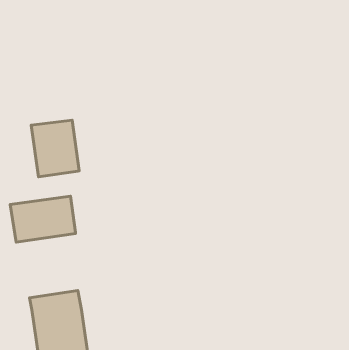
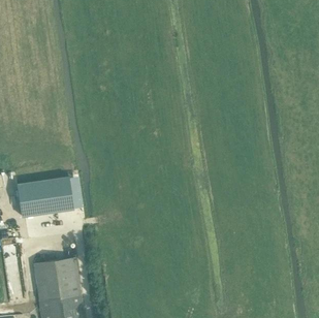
building: [31,120,79,177] -> none

